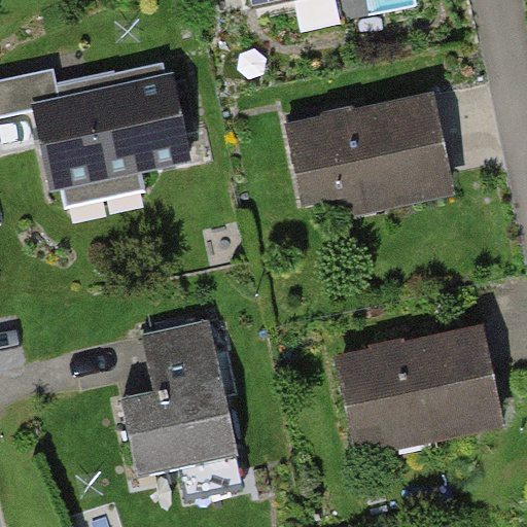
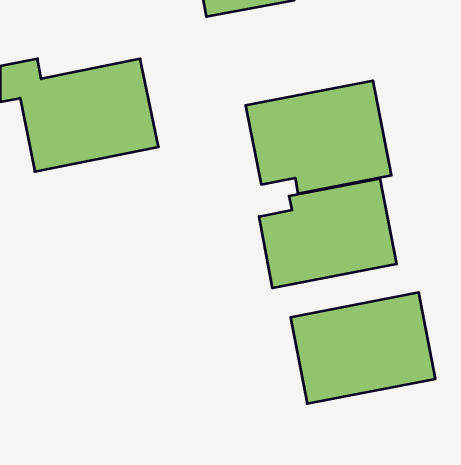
building: none -> [259,178,397,288]
building: [134,319,250,477] -> none

